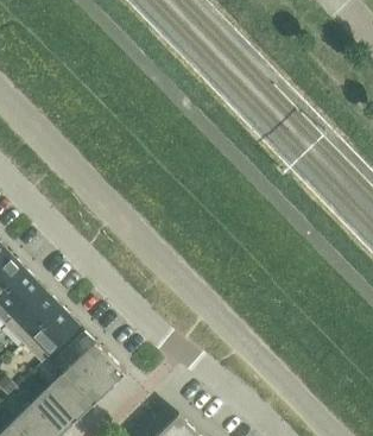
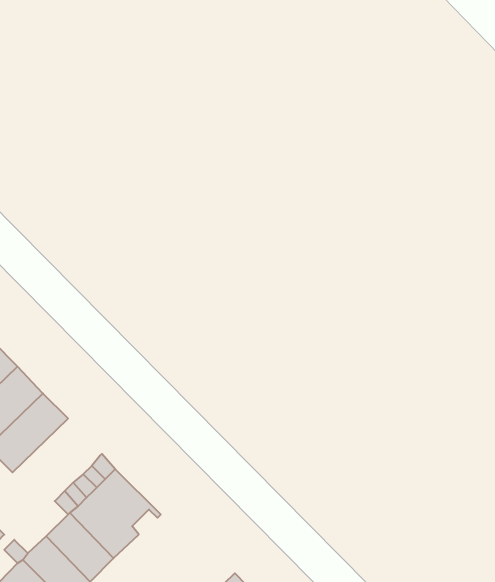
building: [21,307,80,364] -> none

